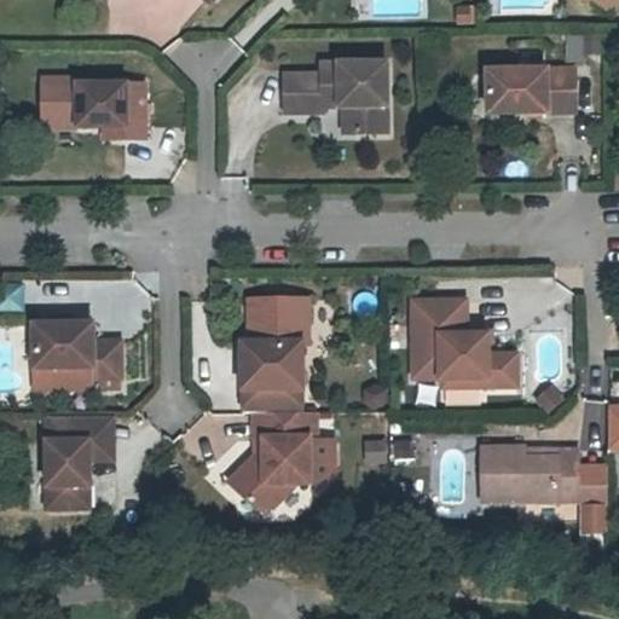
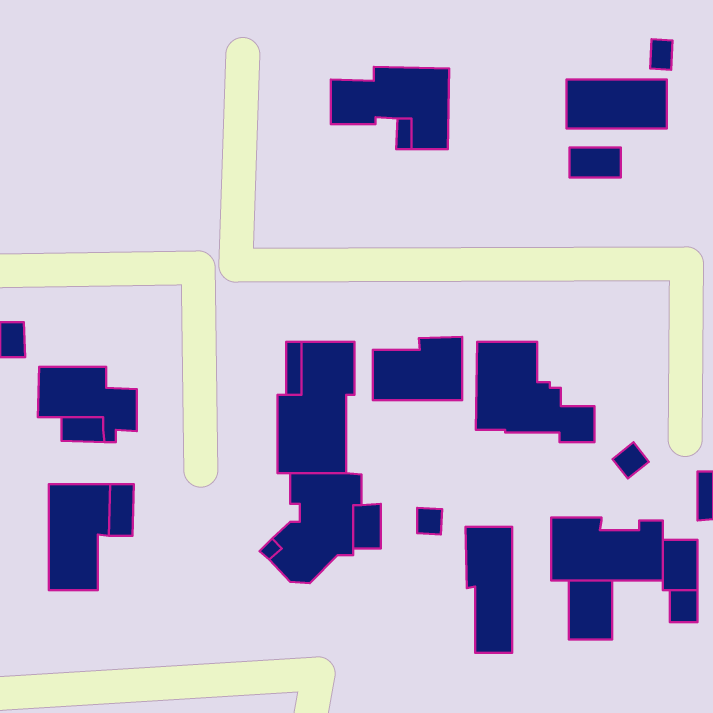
building: [41,76,146,140] -> none
building: none -> [570,147,621,177]
building: none -> [373,337,462,400]
building: none -> [466,527,512,653]
building: none -> [569,580,612,640]

